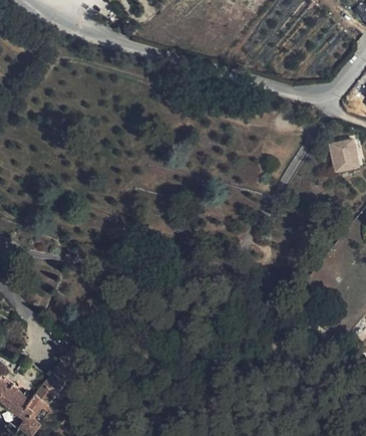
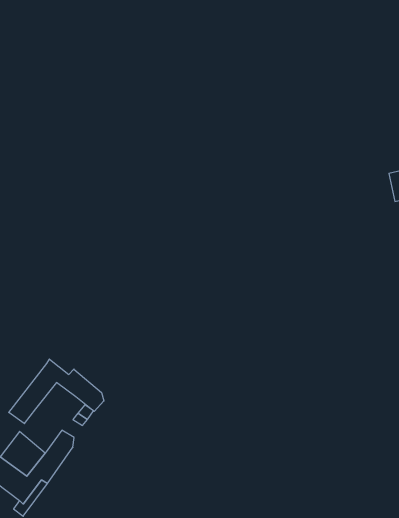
building: none -> [9,359,104,424]

